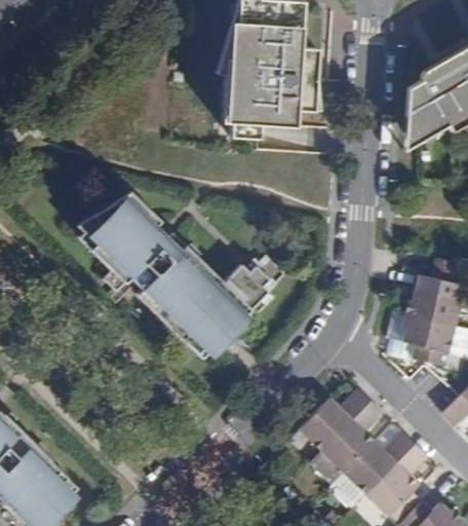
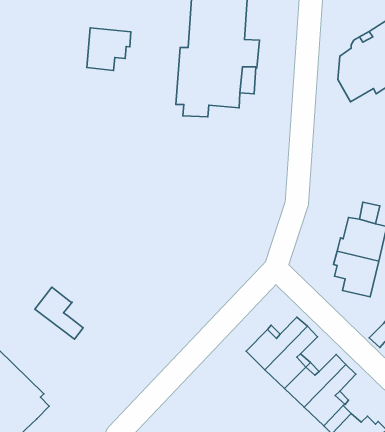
building: none -> [87,28,131,70]
building: [75,190,274,353] -> none
building: none -> [35,287,83,339]

